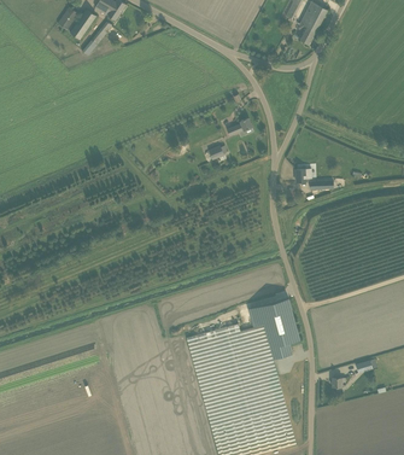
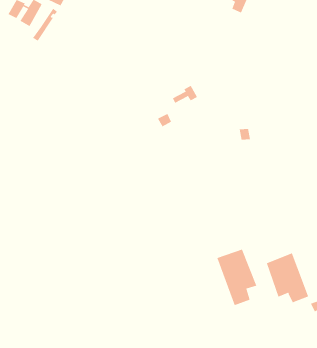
building: none -> [266,252,309,303]

